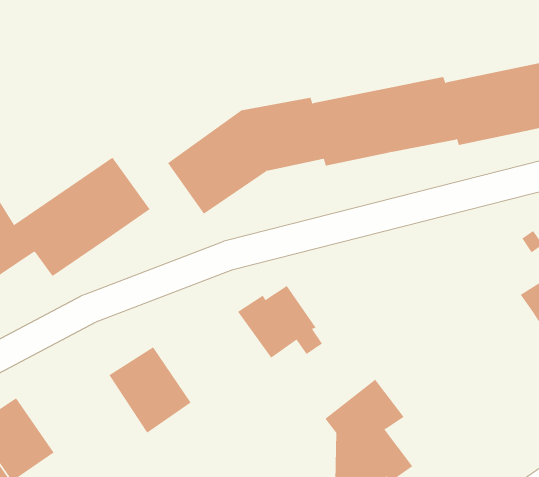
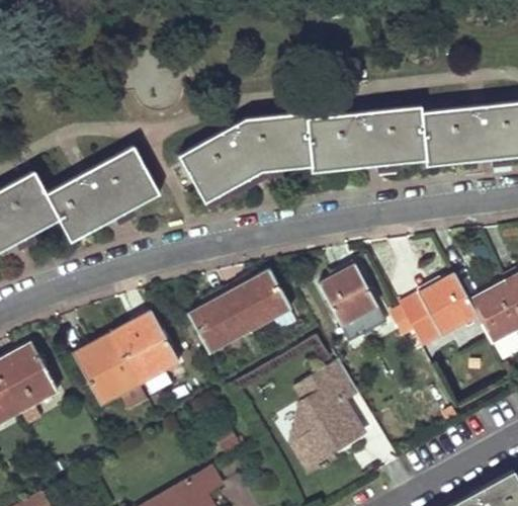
building: none -> [318,263,385,339]
building: none -> [398,274,474,344]
building: none -> [187,288,249,353]
building: none -> [72,331,138,404]

